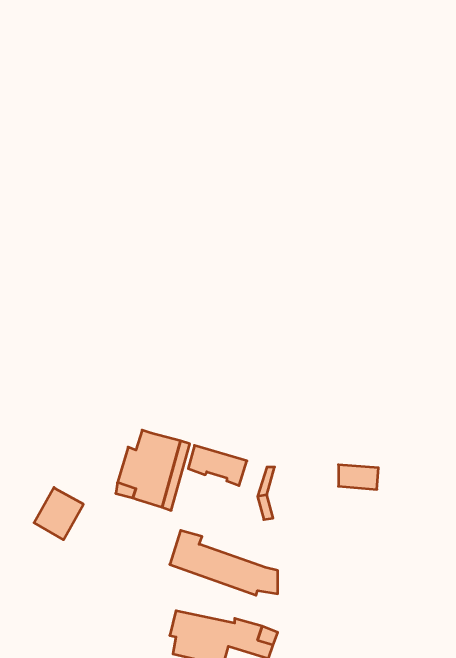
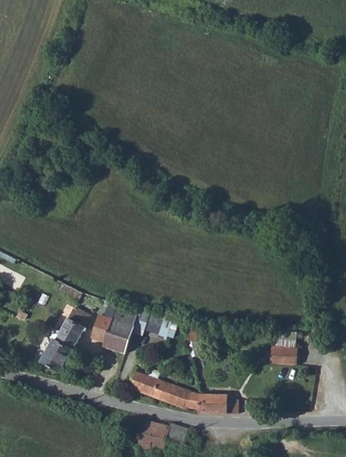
building: none -> [53,316,84,349]
building: [338,465,378,489] -> [269,349,295,365]
building: none -> [198,393,237,413]

